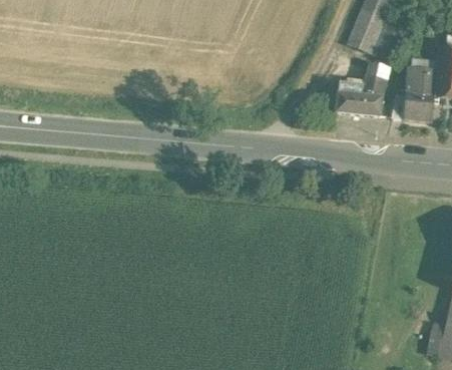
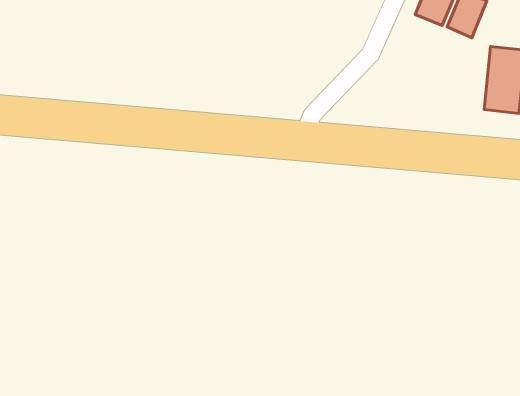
building: [337,73,386,115] -> none

